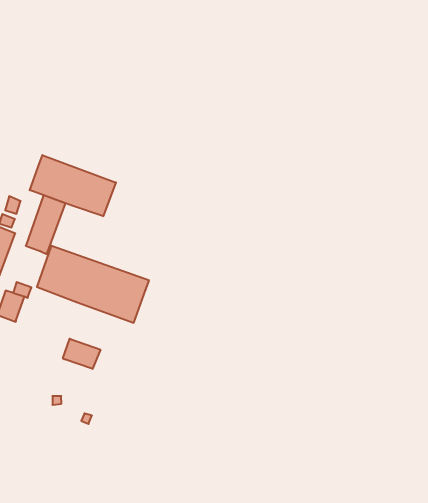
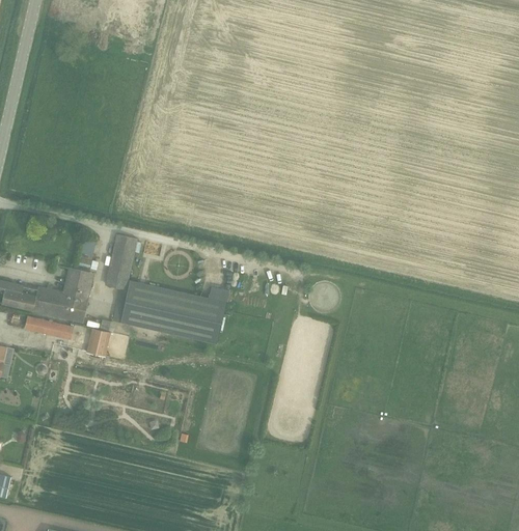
building: [30,155,116,216] -> none
building: [63,339,100,369] -> none

